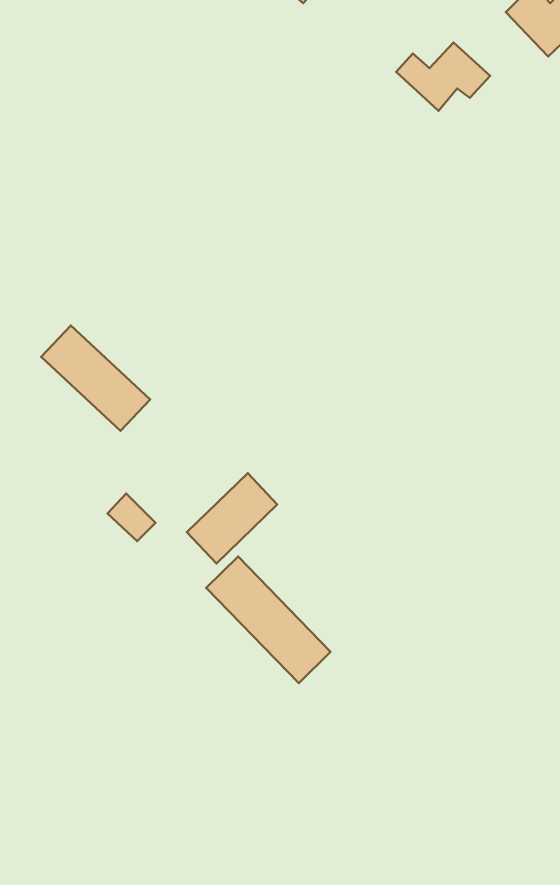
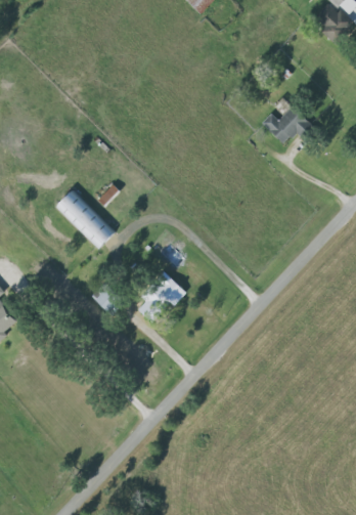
building: [396,42,490,111] -> [262,104,314,142]
building: [206,556,331,683] -> none

